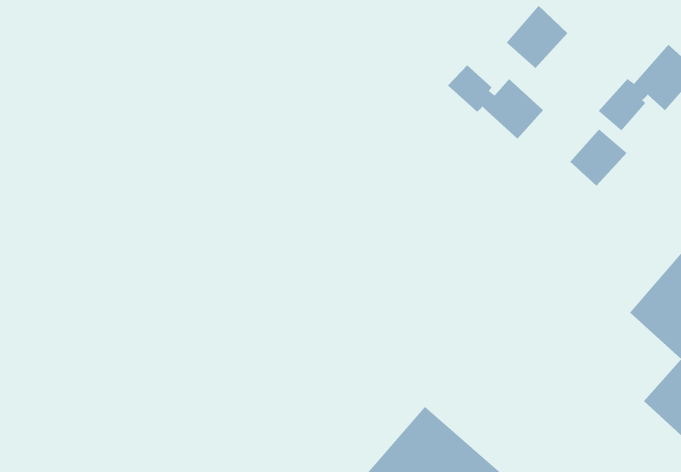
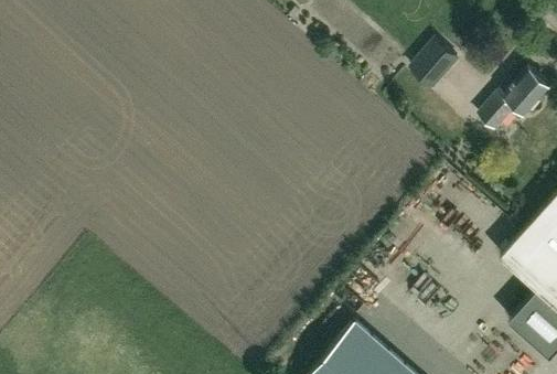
building: [447,64,544,140] -> none
building: [569,128,628,186] -> none

